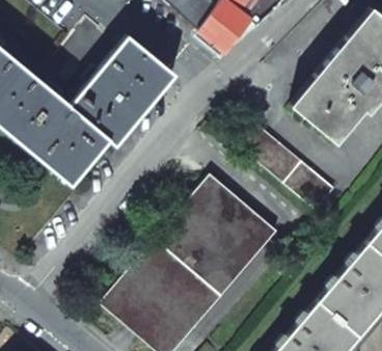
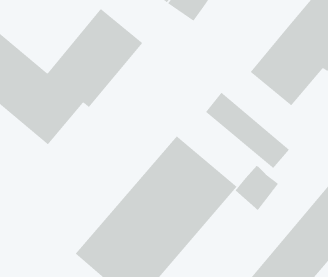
building: none -> [235,165,279,211]

